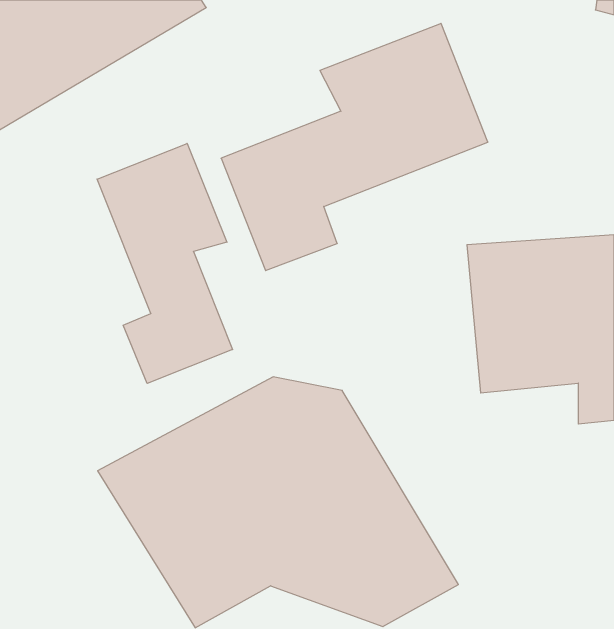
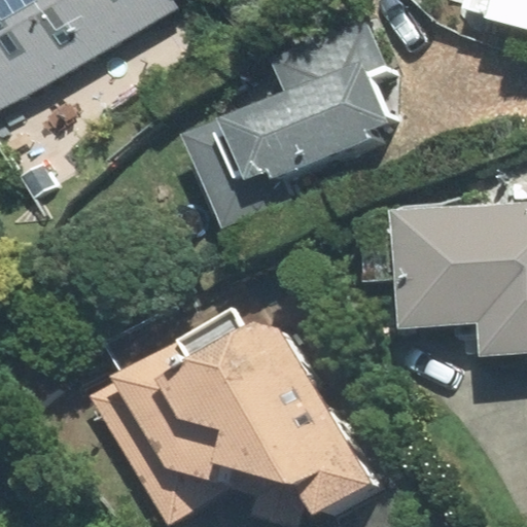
building: [97,143,233,383] -> none

